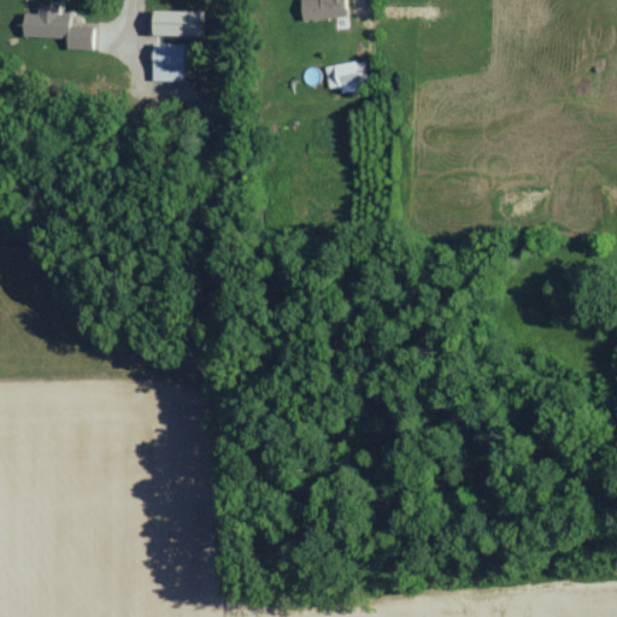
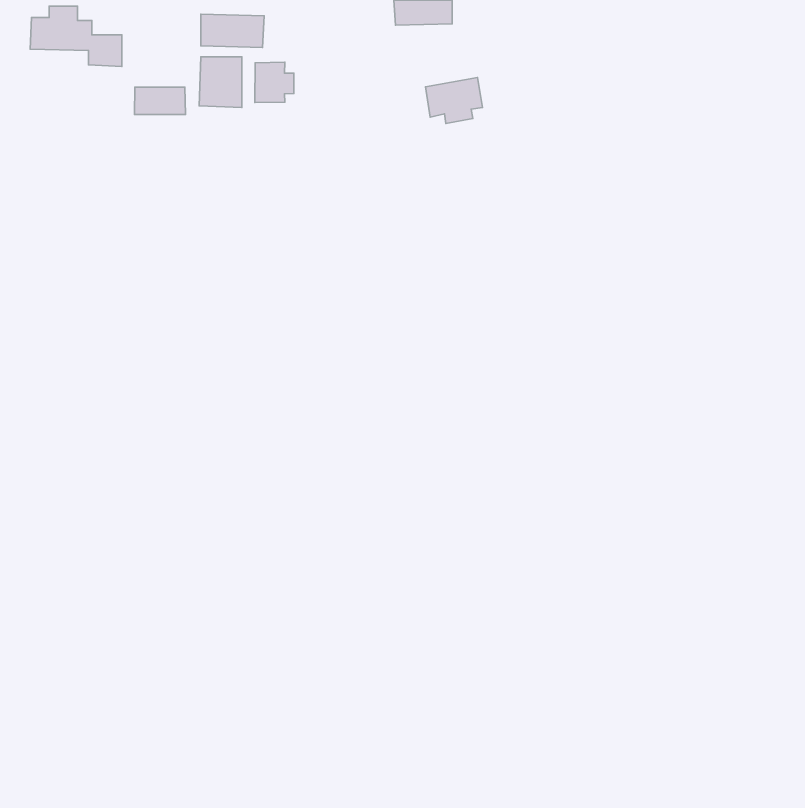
building: none -> [255,62,294,102]
building: none -> [134,87,185,114]

